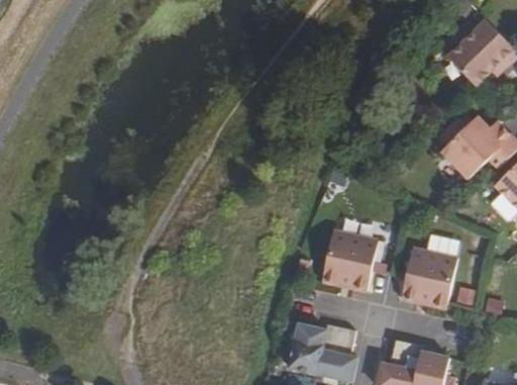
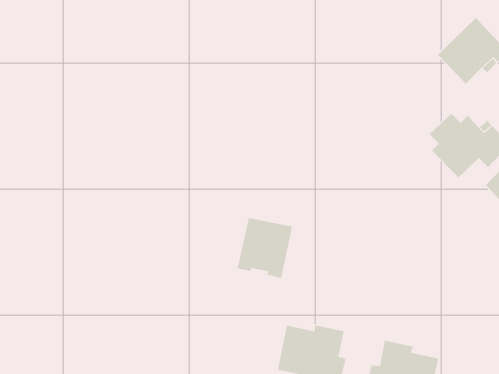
building: [322,230,378,291] -> [237,217,293,279]
building: [401,248,457,309] -> none

